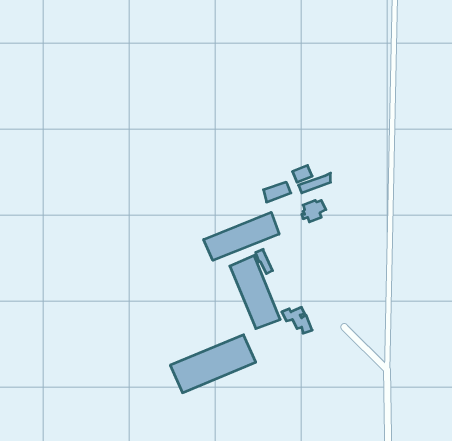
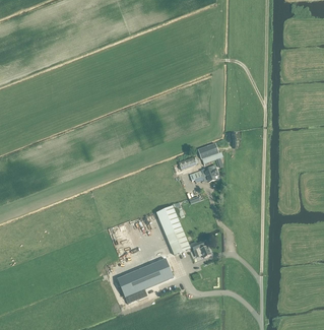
building: [204,212,279,260] -> none

